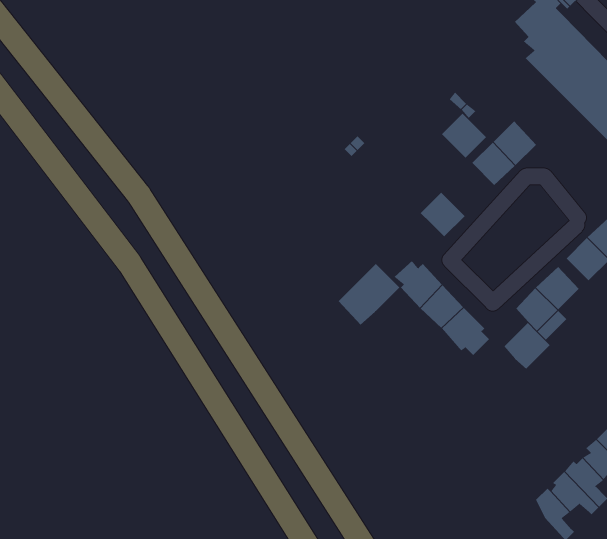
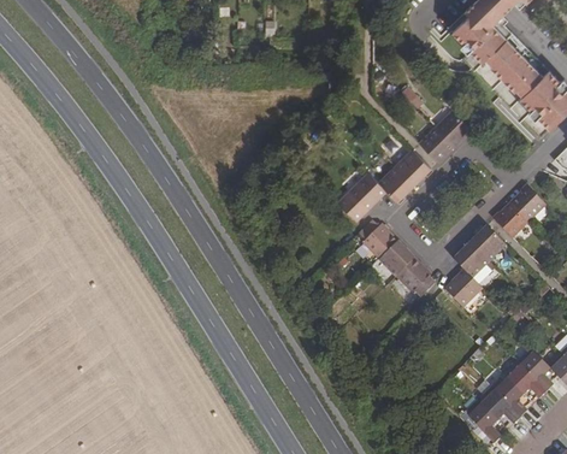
building: [441,113,487,158] -> [396,149,432,185]
building: [338,263,400,325] -> [338,172,388,222]

